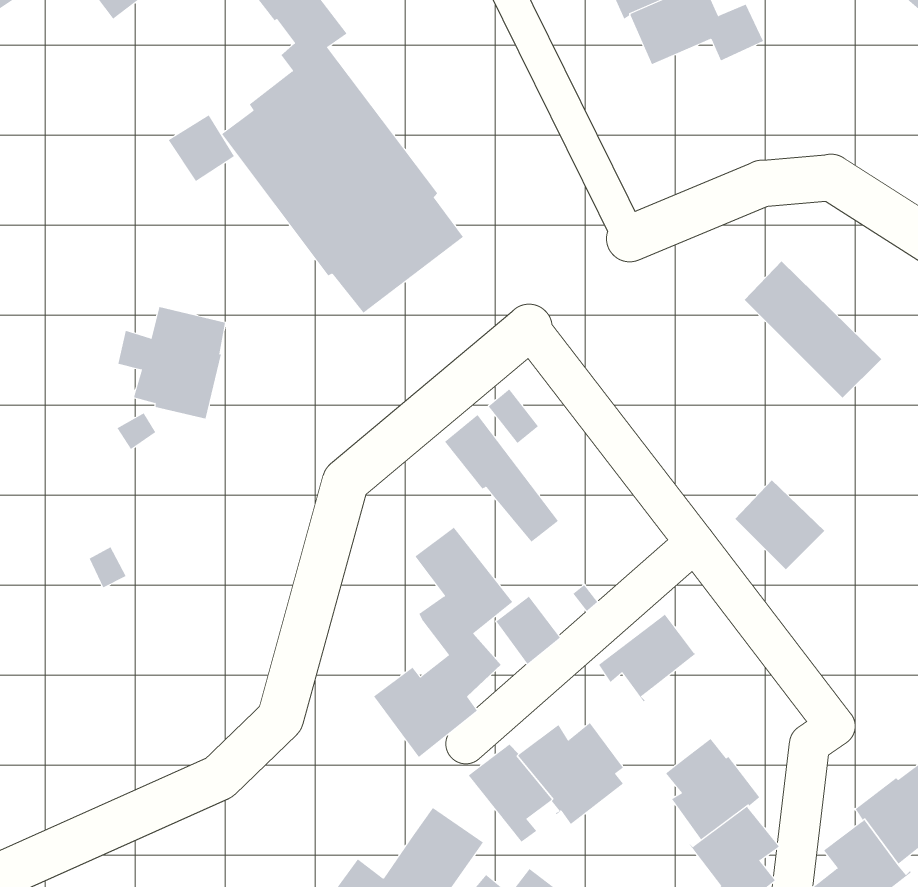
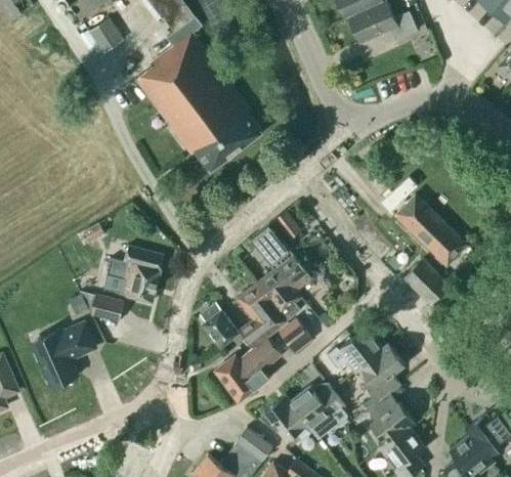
building: [168,115,235,182] -> [87,17,122,52]
building: [744,260,882,399] -> [395,194,467,266]
building: [117,307,226,419] -> [107,246,163,304]
building: none -> [257,267,301,320]
building: none -> [90,295,124,322]
building: none -> [201,302,241,347]
building: none -> [31,321,95,388]
building: none -> [359,343,404,410]

